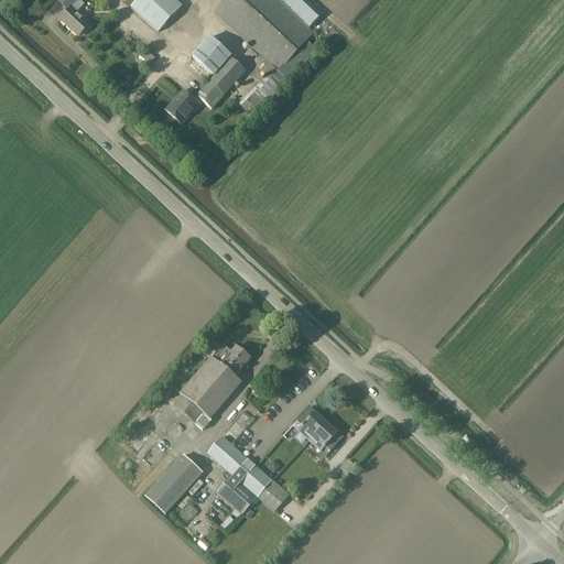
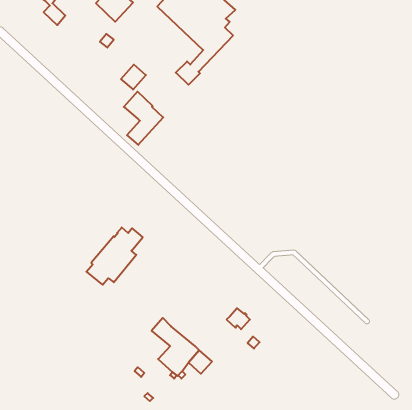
building: [192,34,246,107] -> [124,92,163,145]
building: [173,343,250,421] -> [86,227,143,285]
building: [296,405,324,436] -> none
building: [145,453,202,512] -> none

